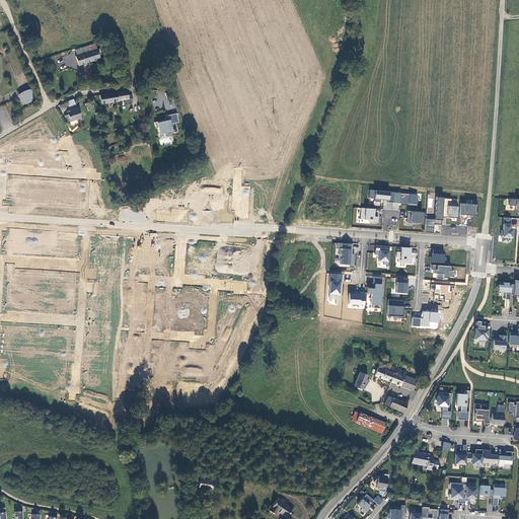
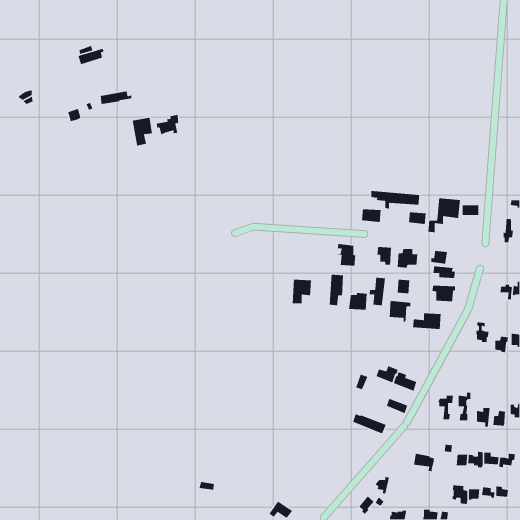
building: none -> [132,117,153,146]
building: none -> [292,279,312,304]

